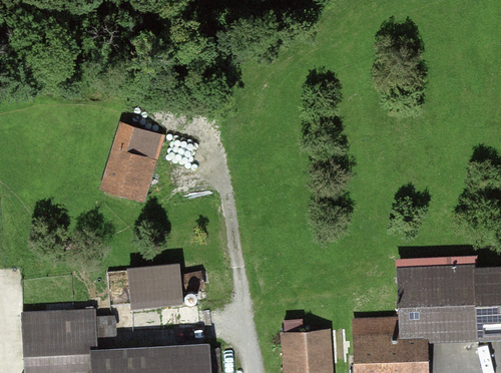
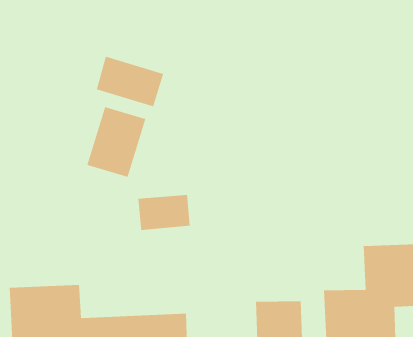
building: none -> [96,56,164,107]
building: [126,267,182,305] -> [138,195,191,231]

